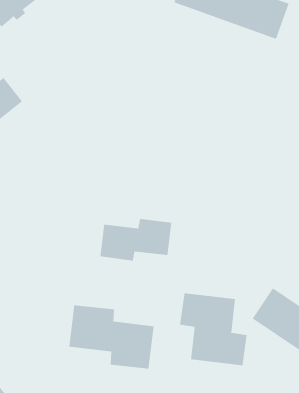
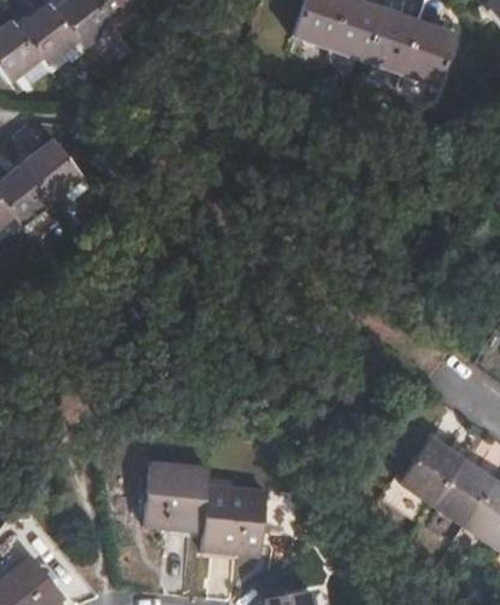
building: [100,218,172,261] -> none
building: [180,292,247,366] -> none

